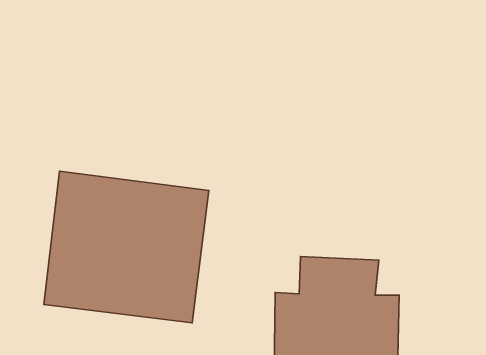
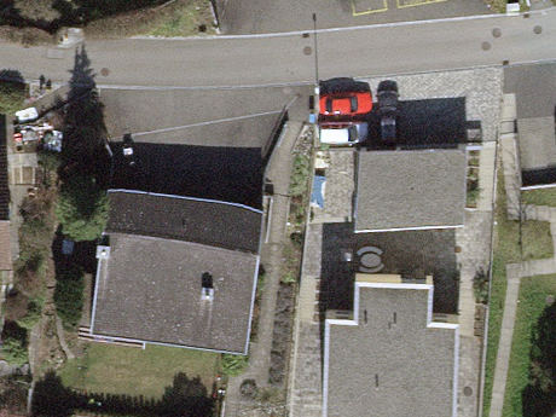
building: none -> [358,144,469,222]

